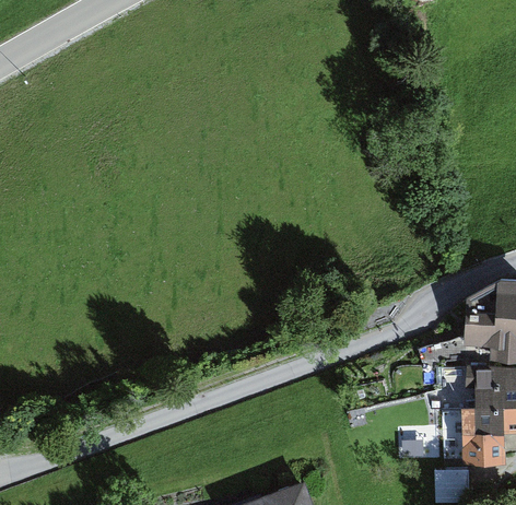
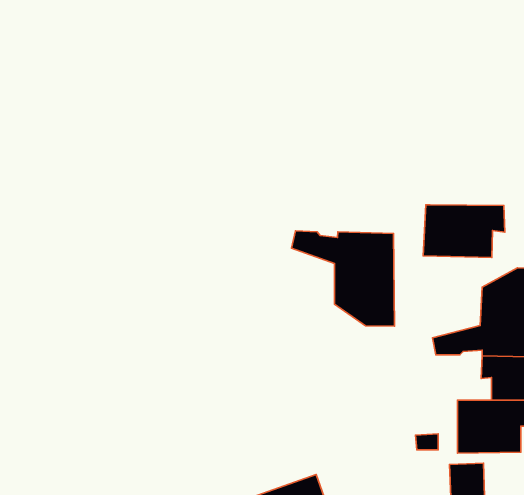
building: none -> [423,205,505,257]
building: none -> [292,231,395,326]

